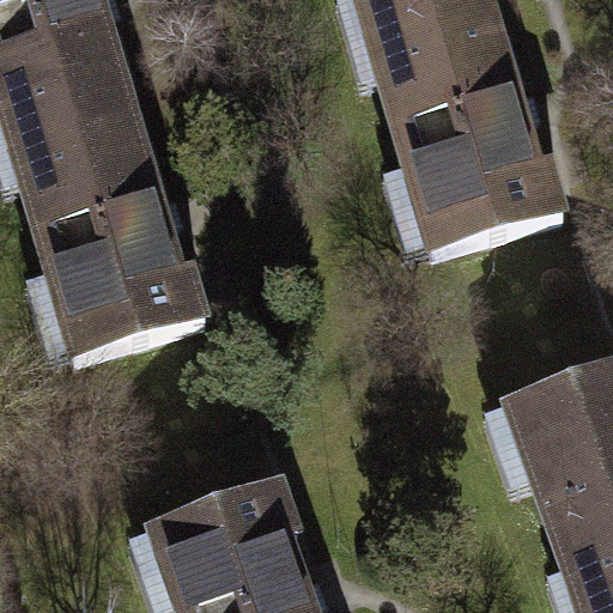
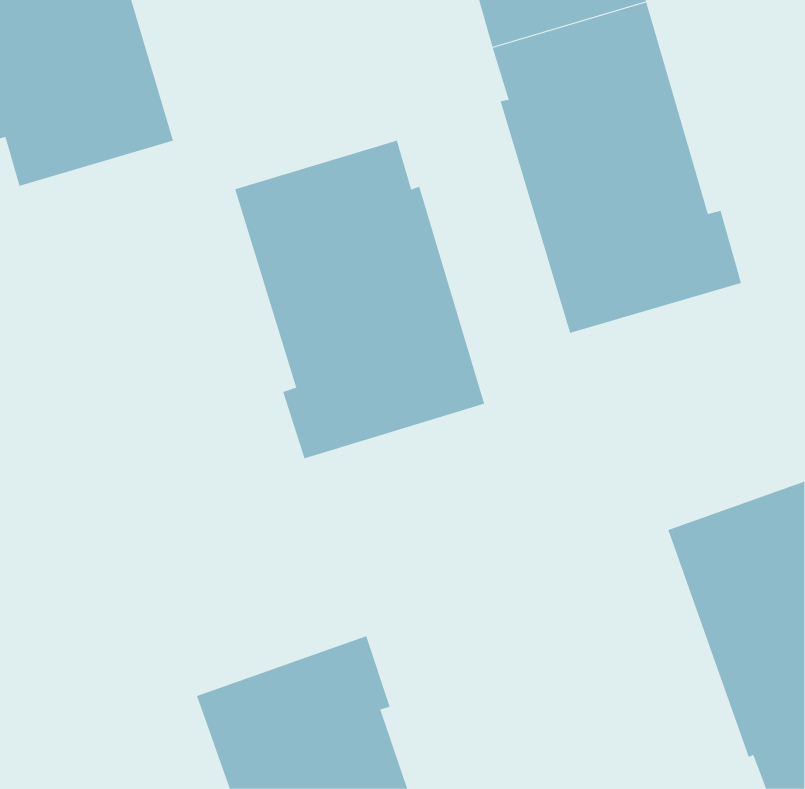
building: none -> [234,140,485,459]
building: [14,107,205,357] -> none

